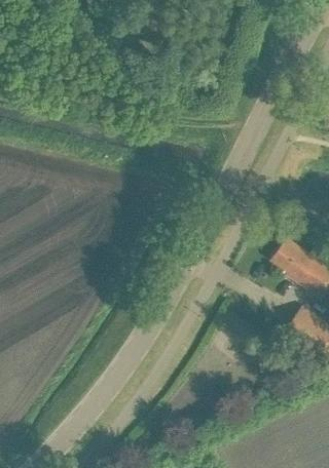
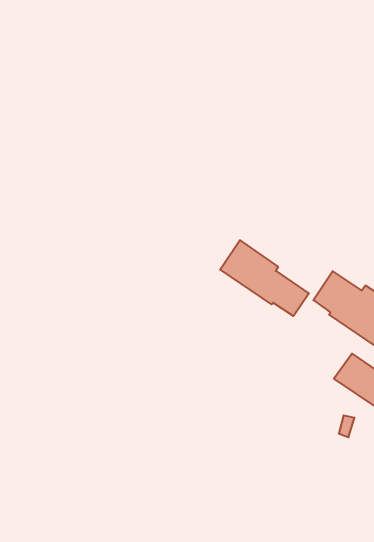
building: none -> [220,240,309,316]

